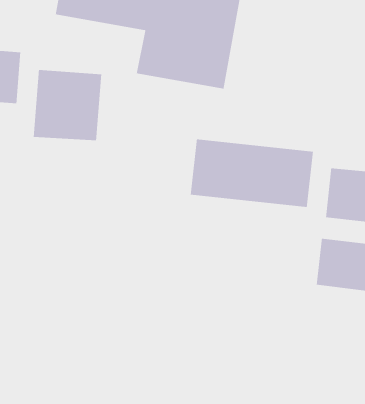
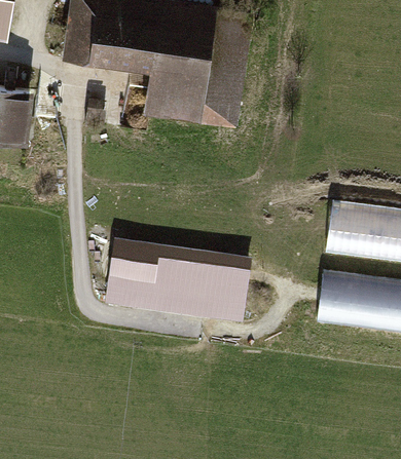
building: [33,69,102,141] -> none
building: [190,139,314,208] -> [120,245,242,313]

